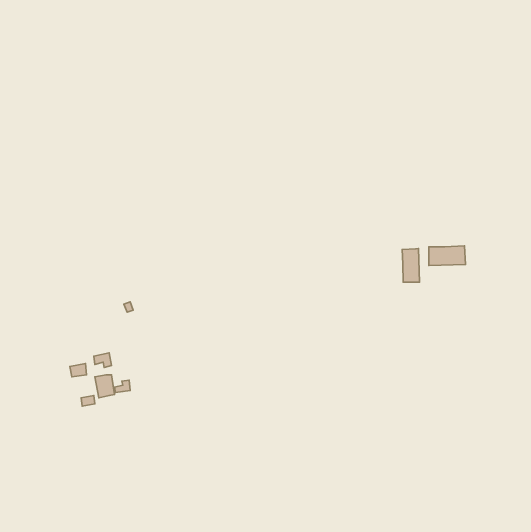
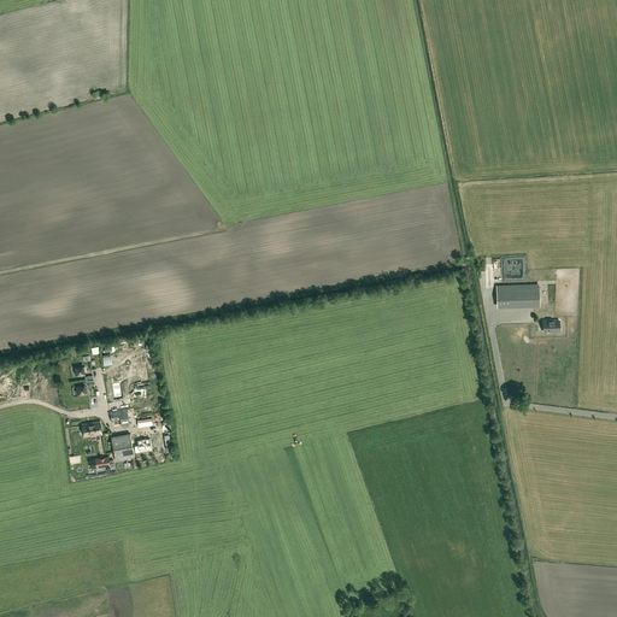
building: [402,249,419,282] -> none

